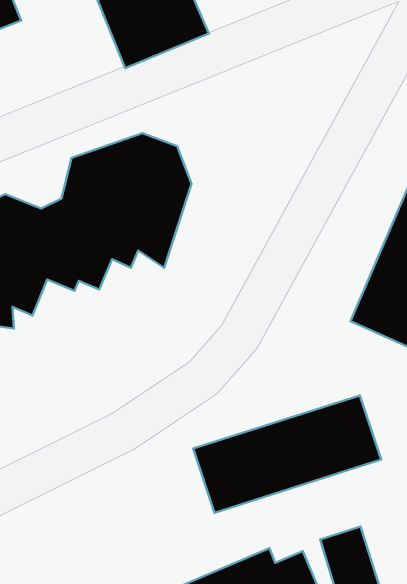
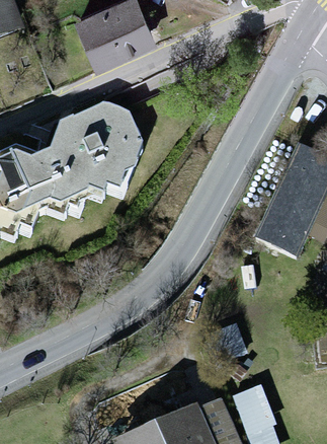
building: [193,395,381,513] -> none

